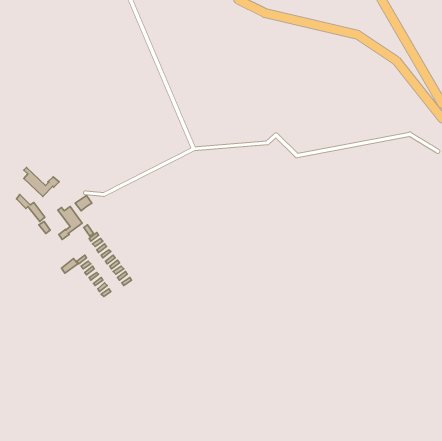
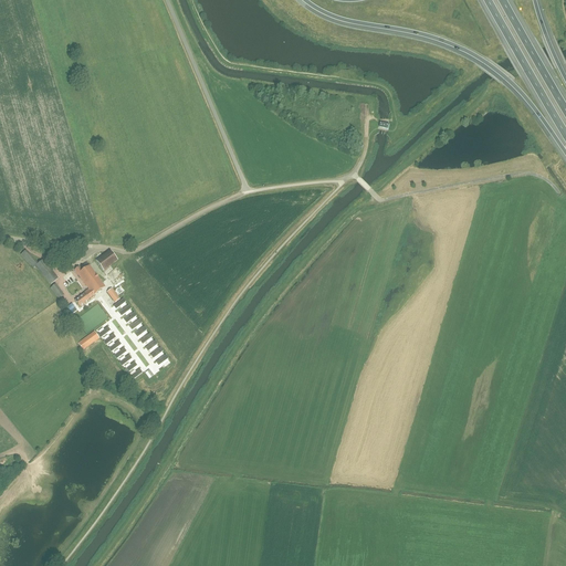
building: [24,168,59,197] -> none

